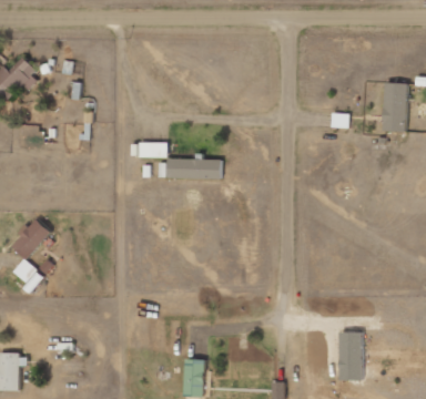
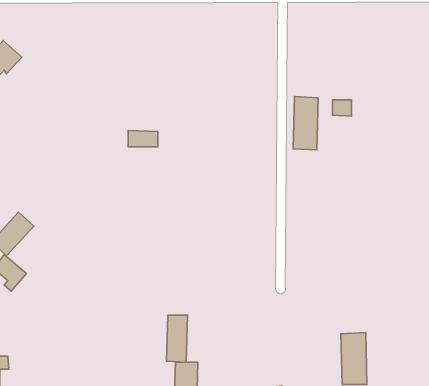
building: [384,82,407,132] -> [293,97,318,150]
building: [168,158,222,178] -> none
building: none -> [166,315,187,362]

